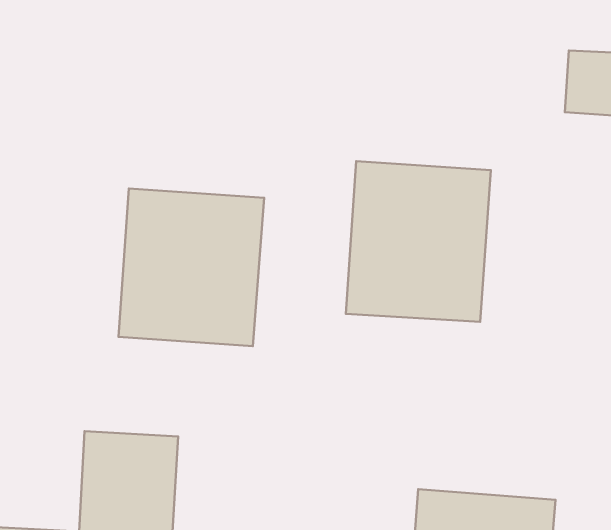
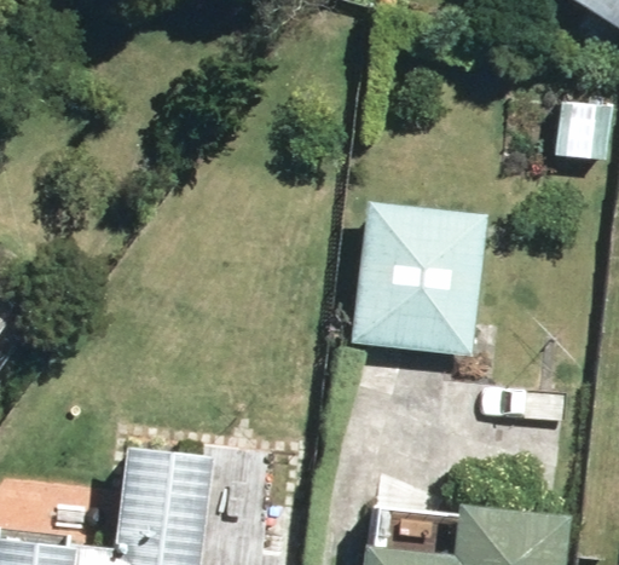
building: [118,188,264,346] -> none

